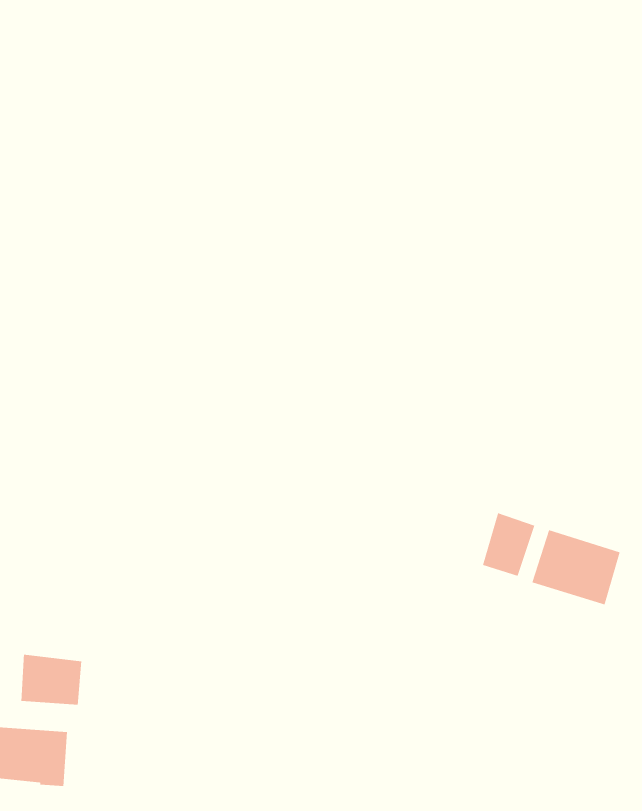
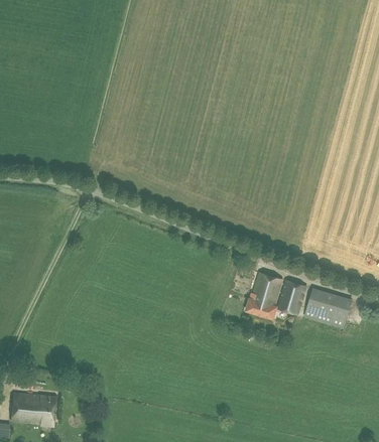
building: none -> [247,272,282,317]
building: [21,654,82,706] -> none

